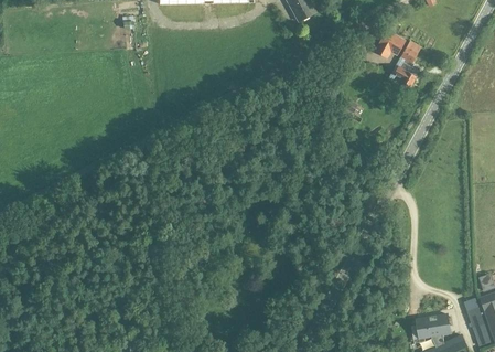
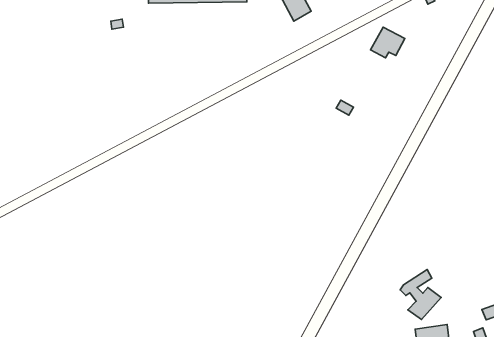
building: [392,45,418,89] -> none
building: none -> [400,269,441,320]

